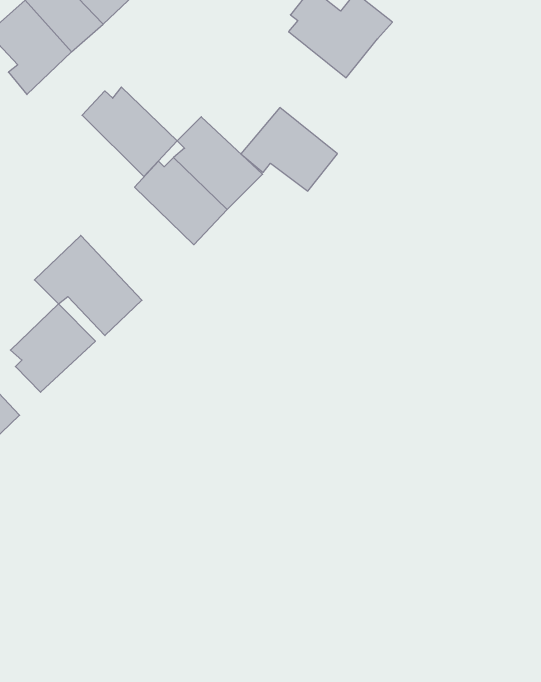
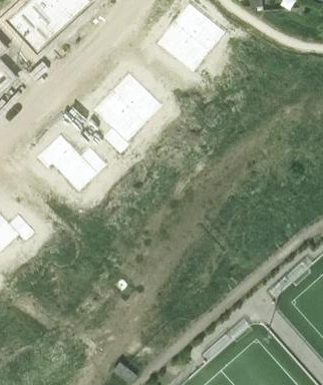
building: [82,87,177,177] -> none
building: [241,108,337,191] -> [153,24,206,69]
building: [10,304,95,392] -> none

